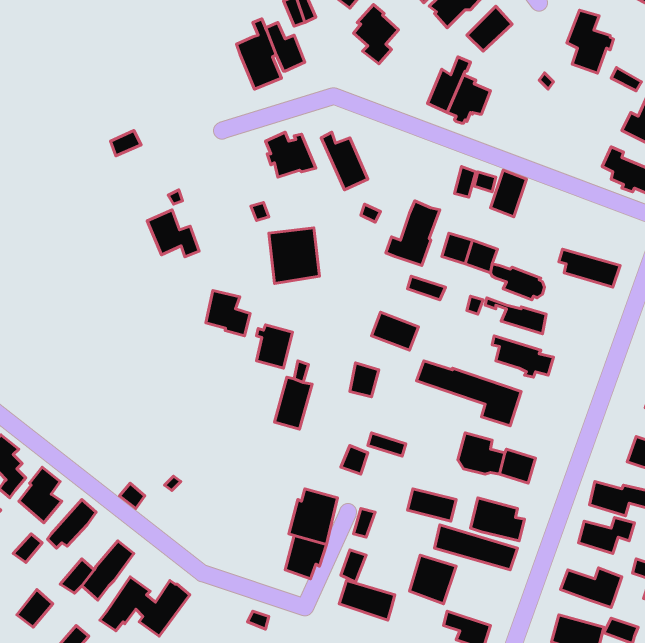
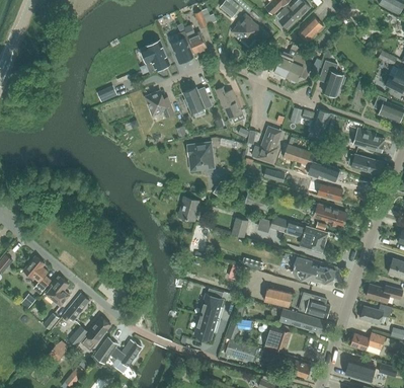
building: [567,10,614,73] -> [319,61,345,96]
building: none -> [141,41,170,72]
building: none -> [356,129,385,152]
building: [147,210,199,257] -> [145,91,174,118]
building: [206,291,250,336] -> none

